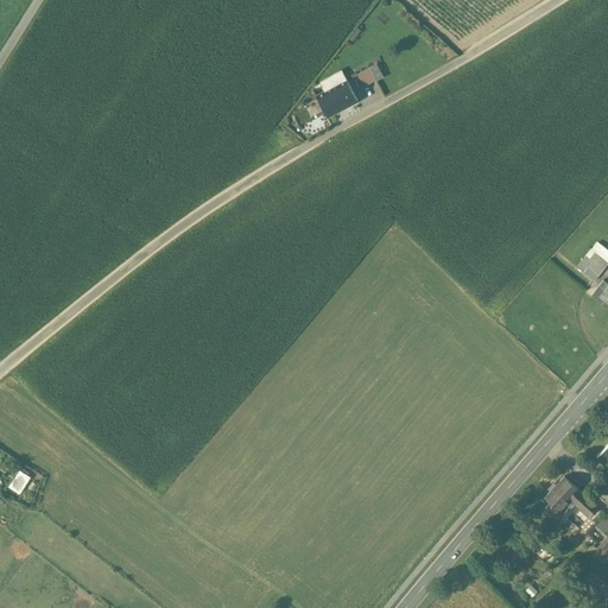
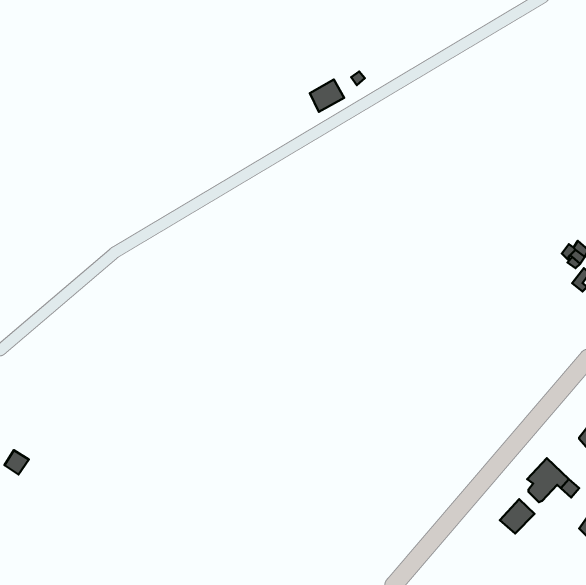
building: none -> [500,499,534,534]

